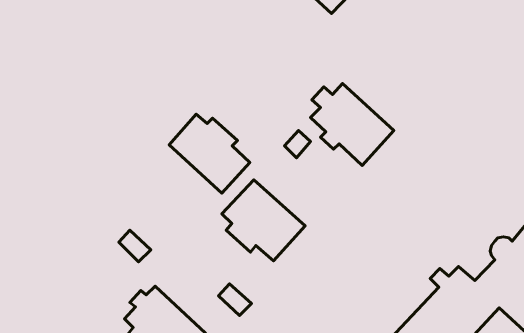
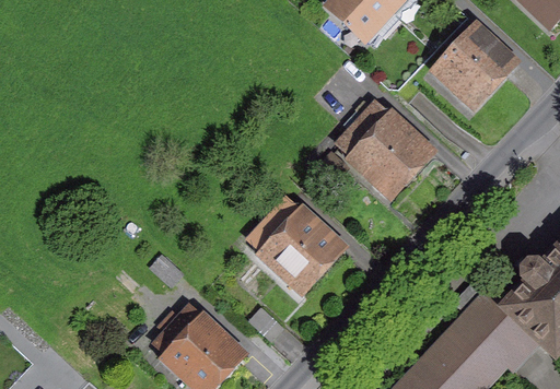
building: none -> [440,32,509,101]
building: [169,114,250,193] -> none

